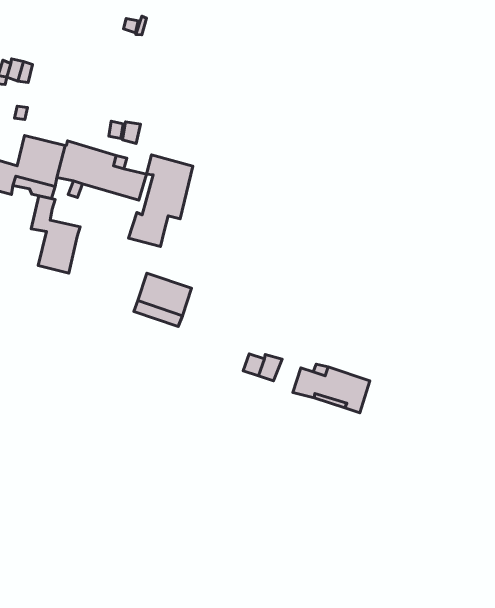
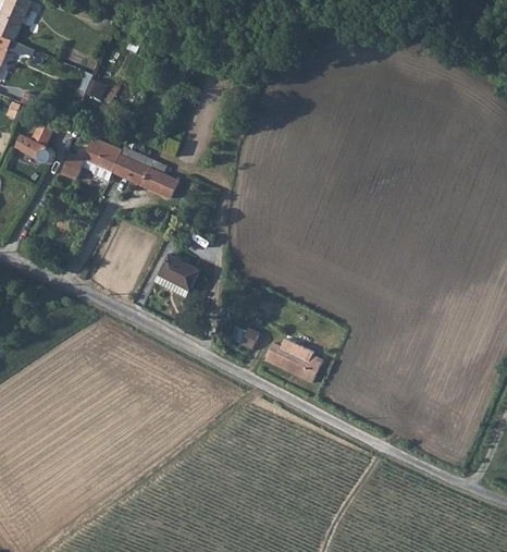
building: [129,155,193,246] -> none
building: [31,196,80,273] -> none

